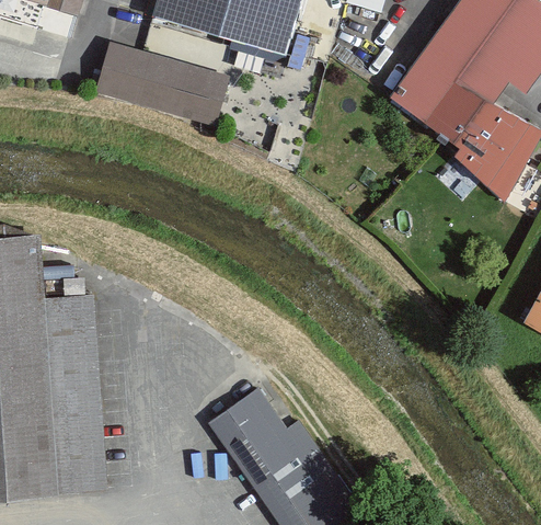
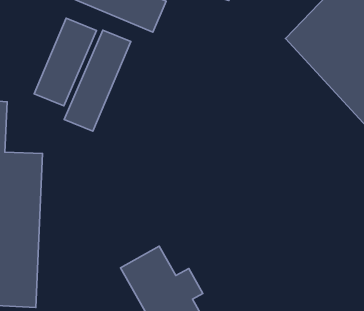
building: none -> [34,18,96,106]
building: none -> [64,30,131,131]

